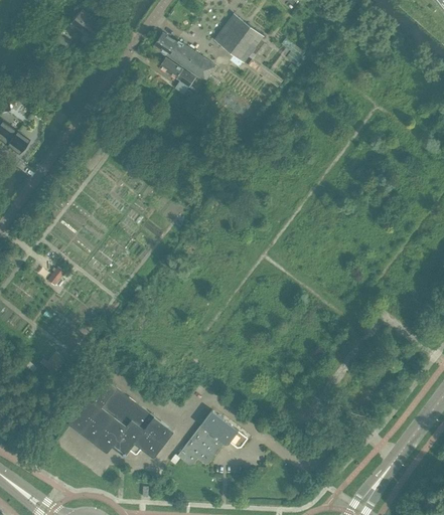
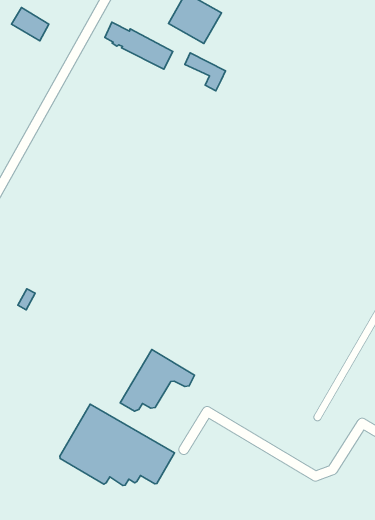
building: [159,57,195,95] -> [185,53,226,91]
building: [177,410,248,465] -> [120,349,195,411]

